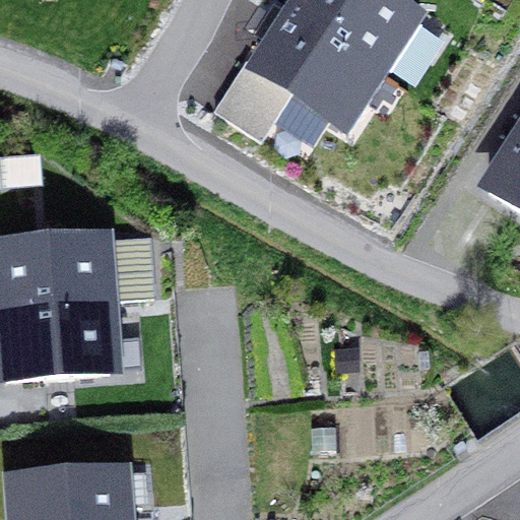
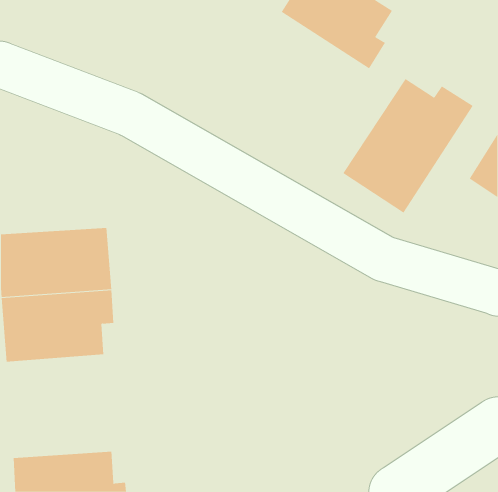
building: [214,12,385,138] -> none
building: none -> [343,78,473,214]

